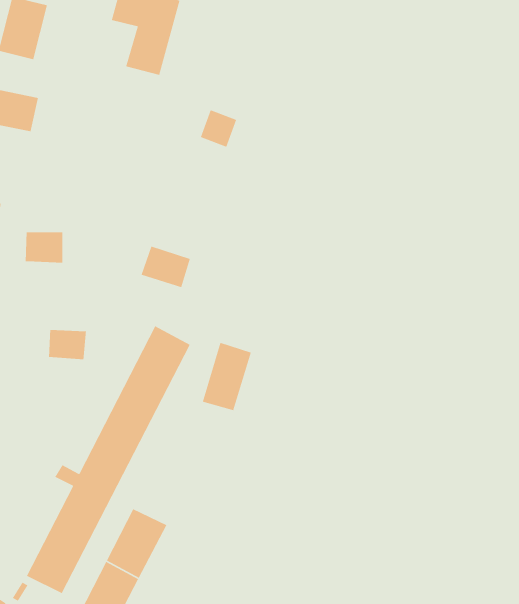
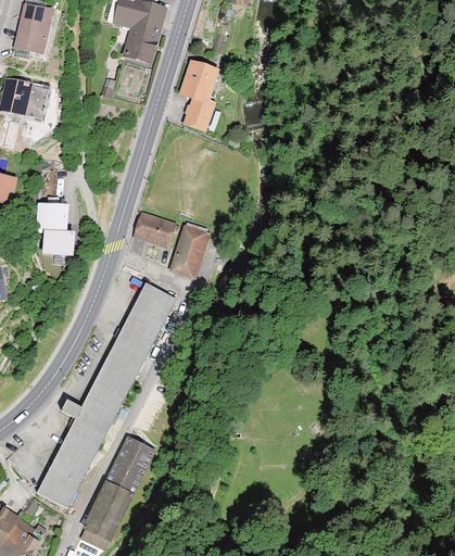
building: none -> [179,61,218,104]
building: [48,329,87,360] -> [42,228,75,254]
building: [202,342,252,411] -> [170,223,213,281]

